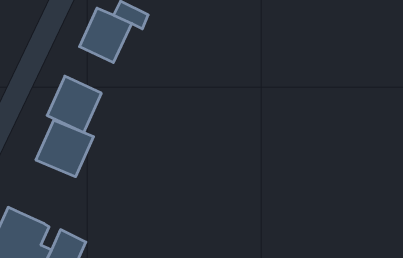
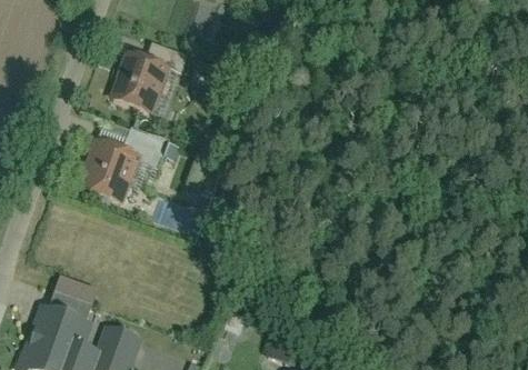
building: [36,120,94,177] -> none
building: none -> [50,276,96,319]

